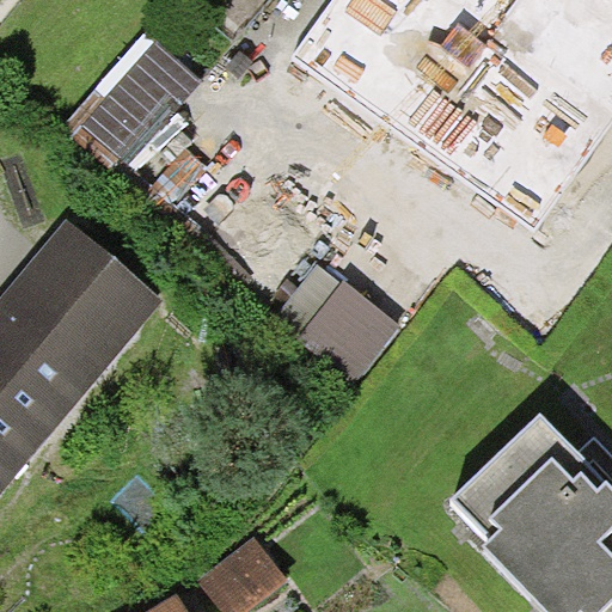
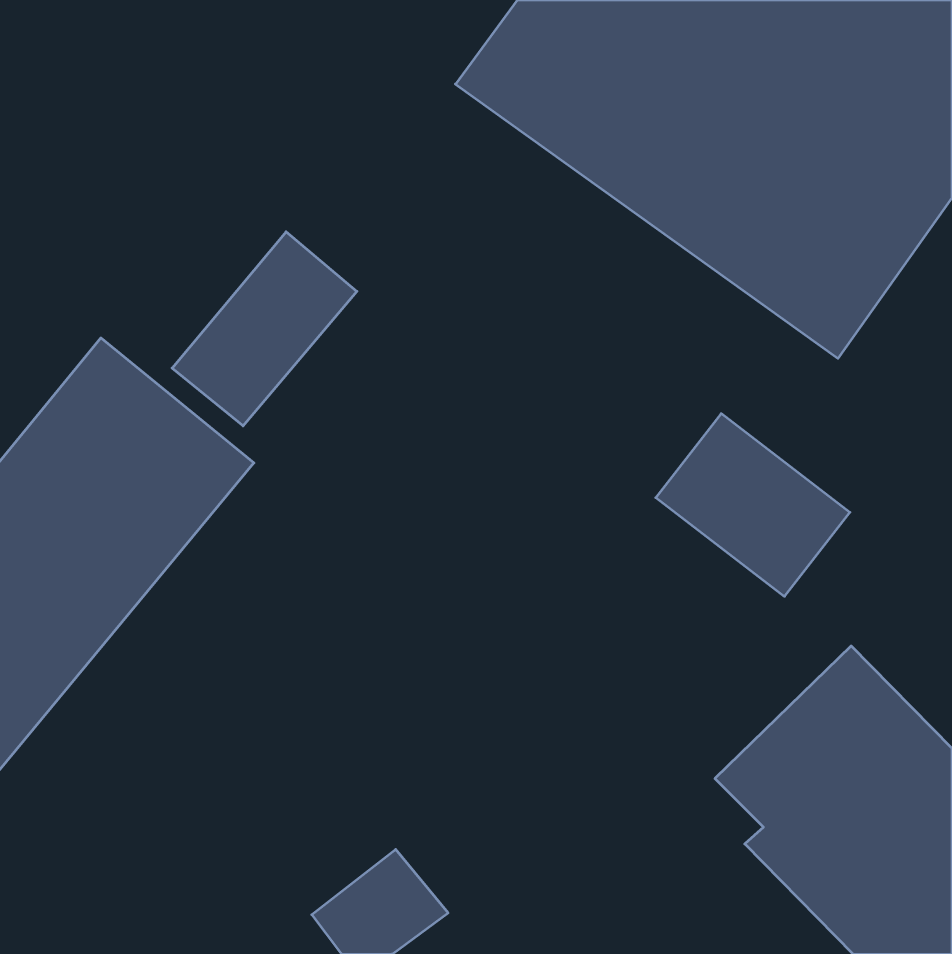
building: [84,39,202,164] -> [172,232,357,426]
building: [279,262,403,379] -> [656,414,850,596]

